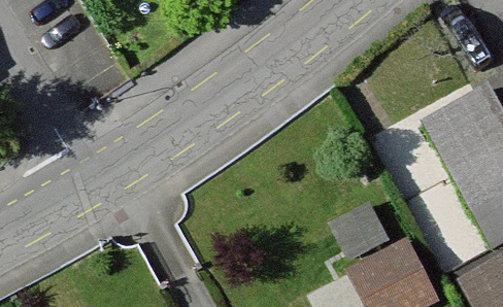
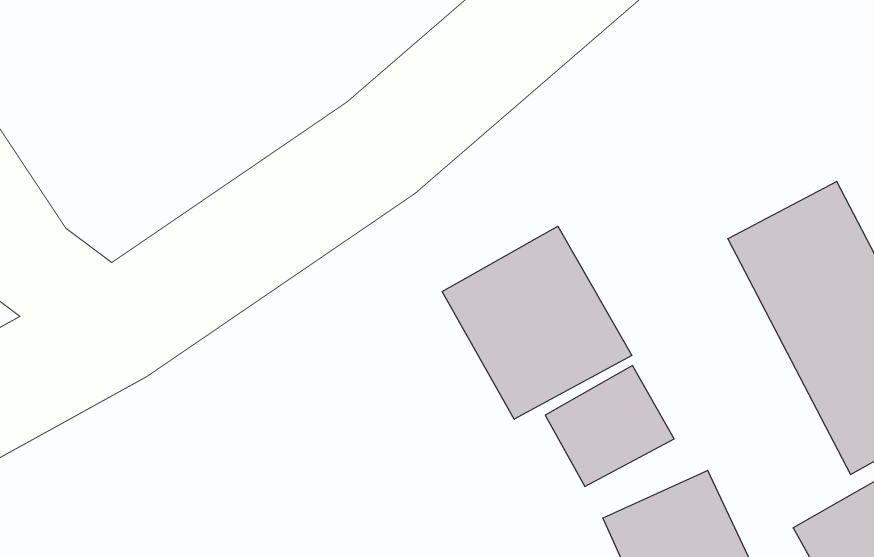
building: none -> [442,226,632,419]

